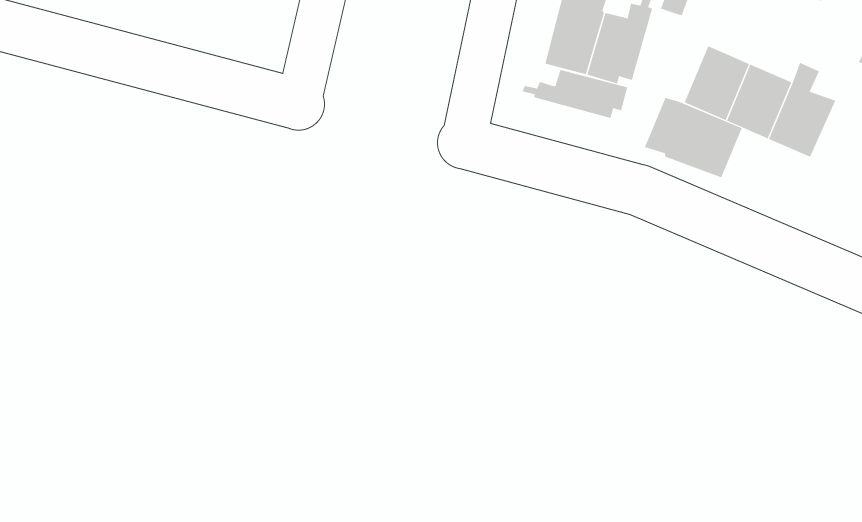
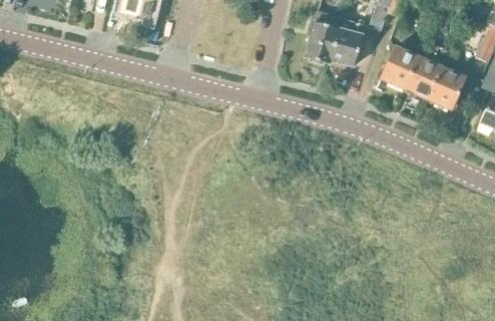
building: [522,69,628,119] -> none
building: [644,97,742,178] -> none

